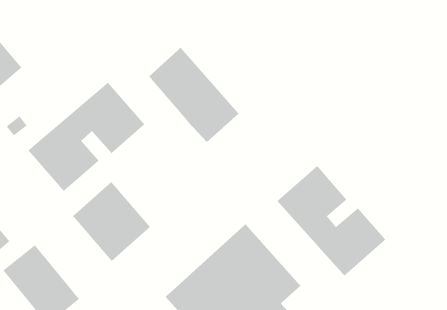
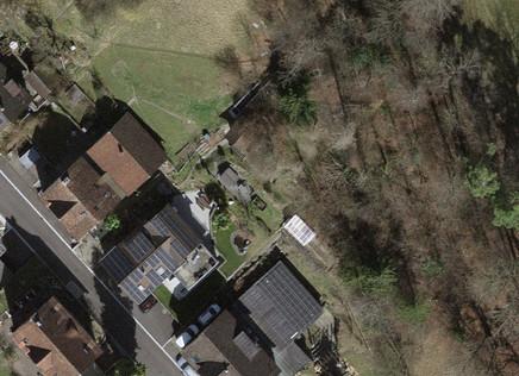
building: [148,47,240,143] -> [129,190,229,295]
building: [277,165,386,277] -> none

